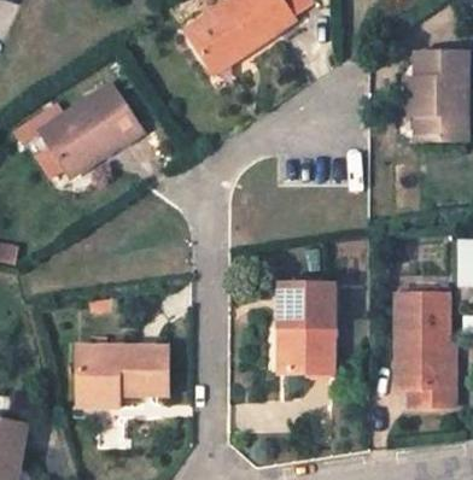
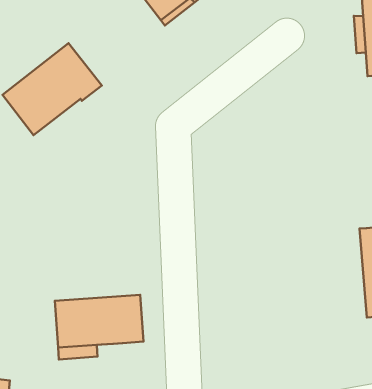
building: [280,285,333,373] -> none

